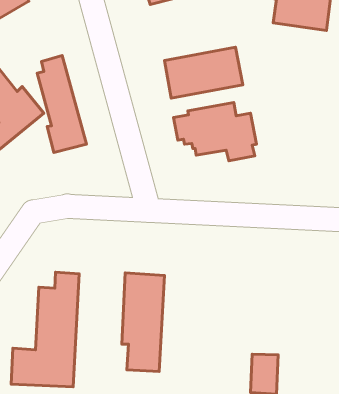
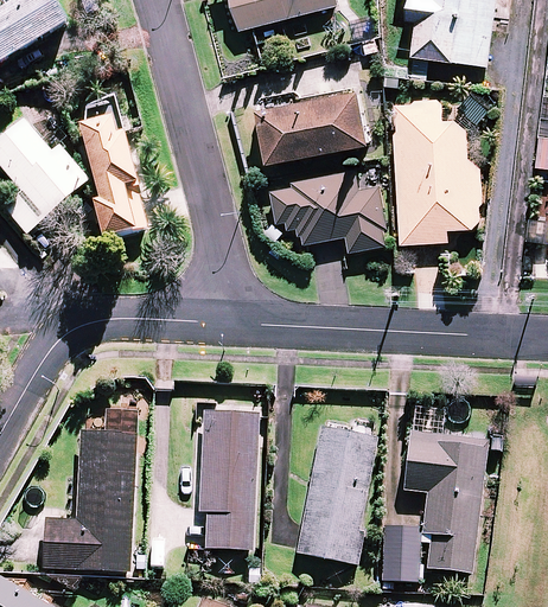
building: none -> [394,97,484,244]
building: none -> [297,427,377,564]
building: none -> [403,430,488,574]

